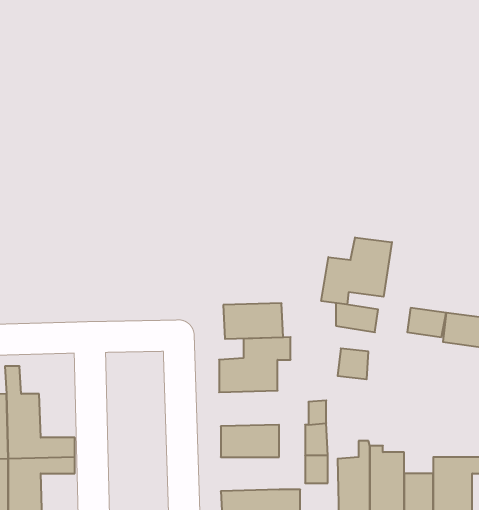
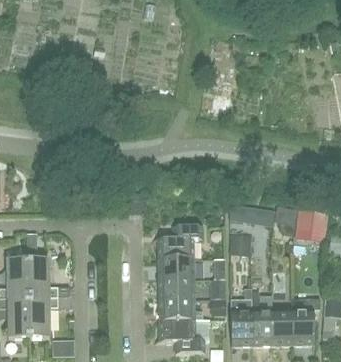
building: [321,237,392,304] -> none
building: [223,303,283,339] -> [158,257,195,279]
building: none -> [159,298,195,319]

